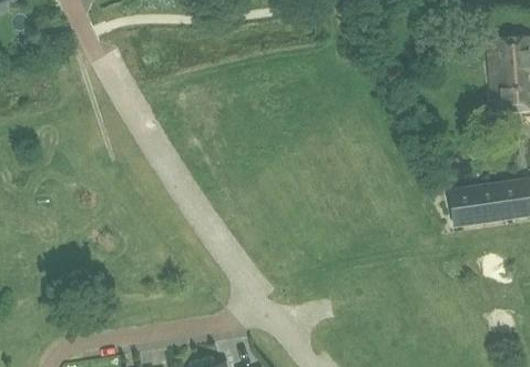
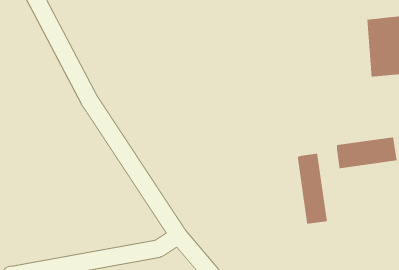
building: none -> [297,153,327,224]

